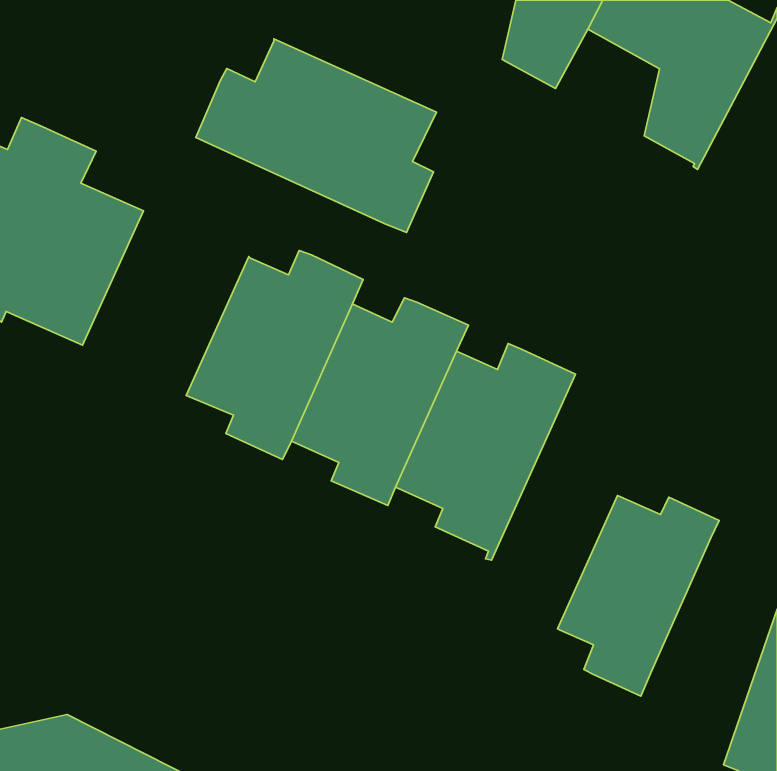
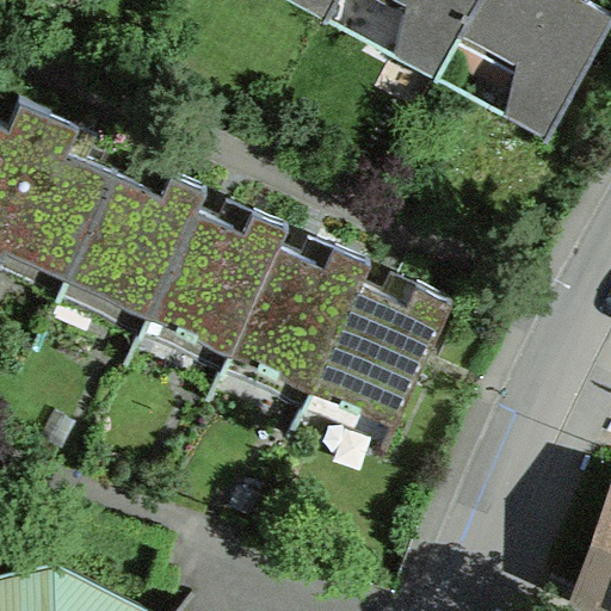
building: [196,39,436,233] -> none
building: none -> [64,166,203,329]
building: [557,495,719,696] -> none

